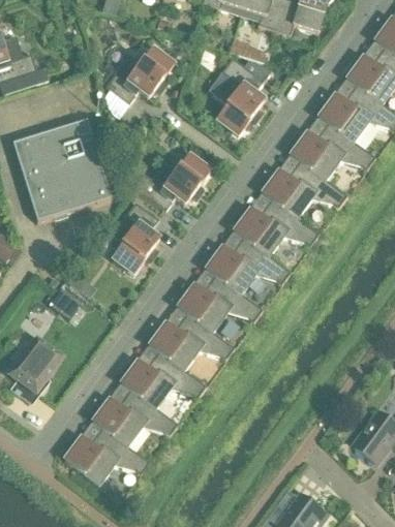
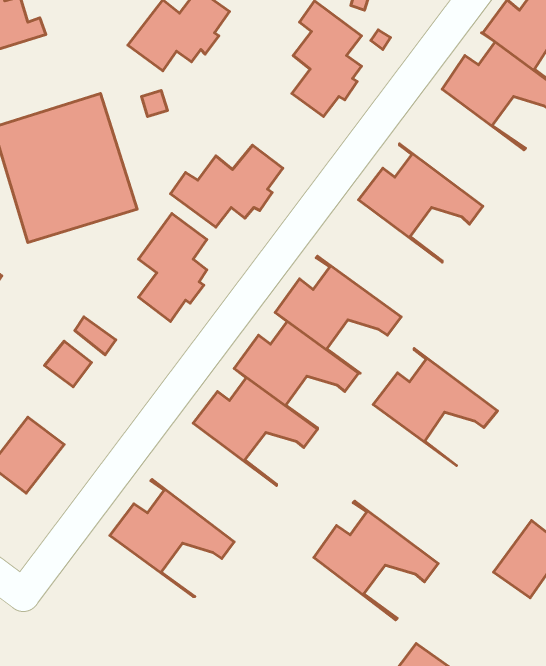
building: [290,116,374,195] -> none
building: [234,191,318,271] -> [373,348,498,465]
building: [121,343,206,424] -> [314,501,438,620]
building: [64,420,149,484] -> none

